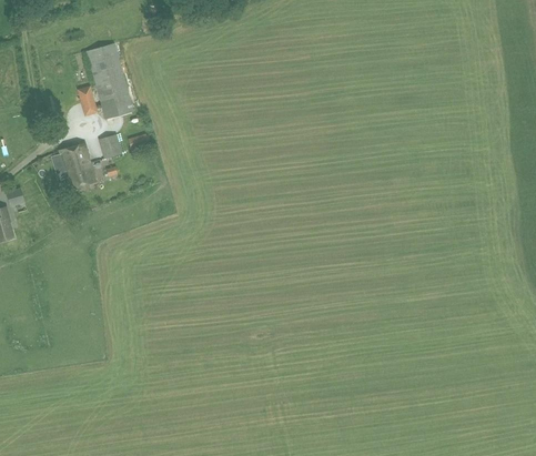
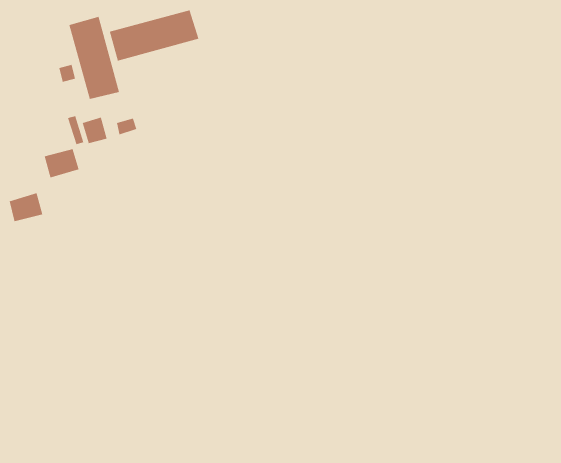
building: none -> [109,9,199,61]
building: [60,143,91,170] -> [9,193,43,222]

